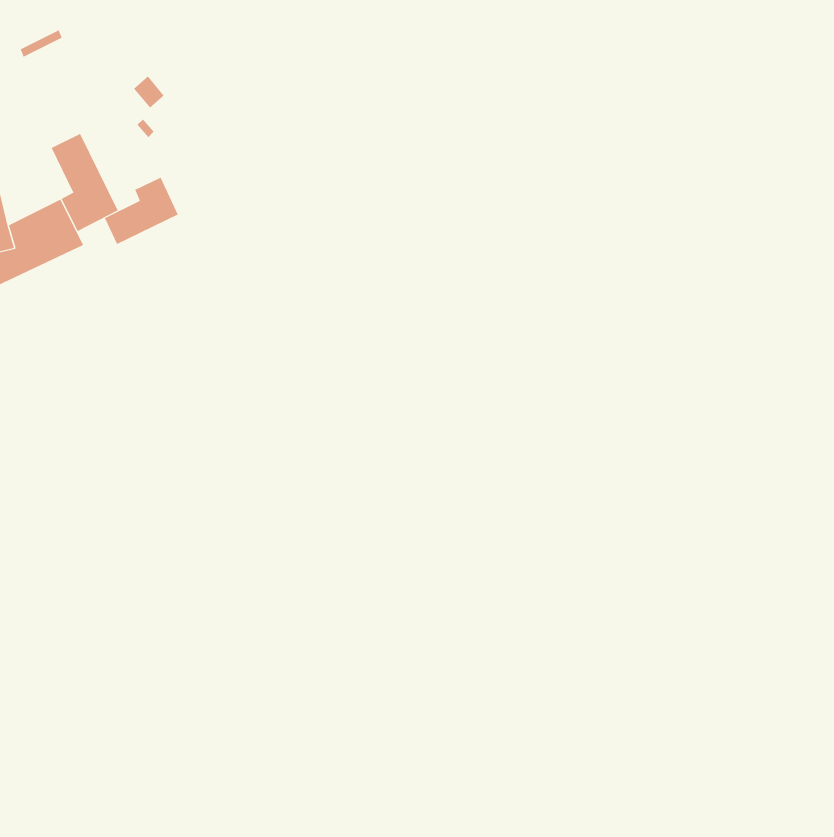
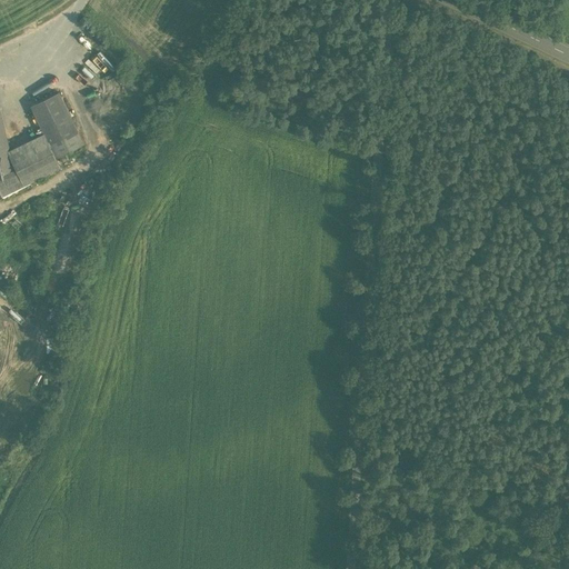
building: [104,177,178,245] -> none

